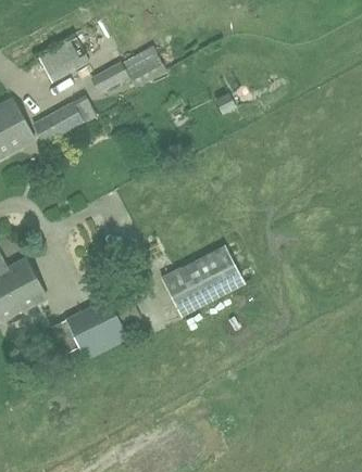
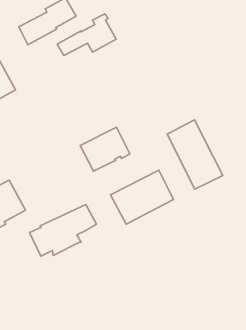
building: [34,94,97,143] -> none
building: none -> [167,120,223,189]
building: none -> [80,127,130,171]

